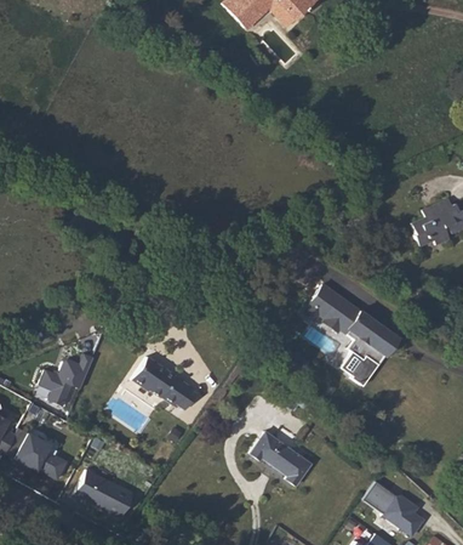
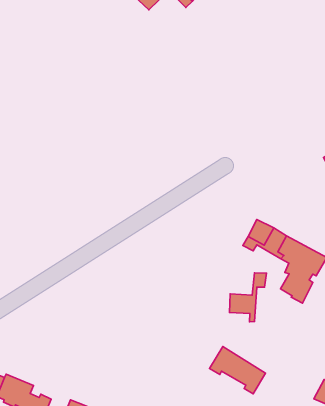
building: none -> [230,273,266,322]
building: [41,350,97,404] -> none
building: [133,351,202,404] -> none

